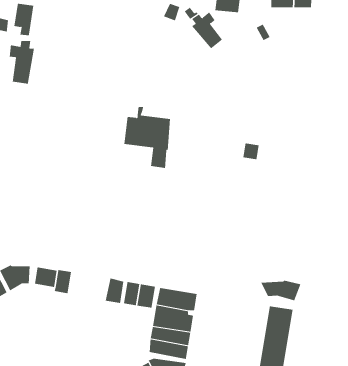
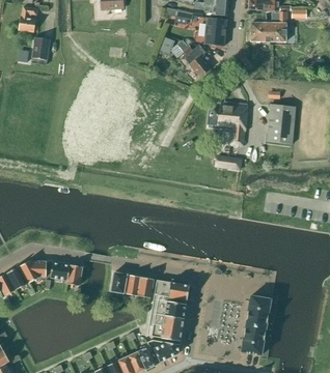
building: [9,39,34,85] -> none
building: none -> [267,104,295,143]
building: [123,107,171,169] -> [207,93,247,146]
building: [260,280,301,301] -> none

